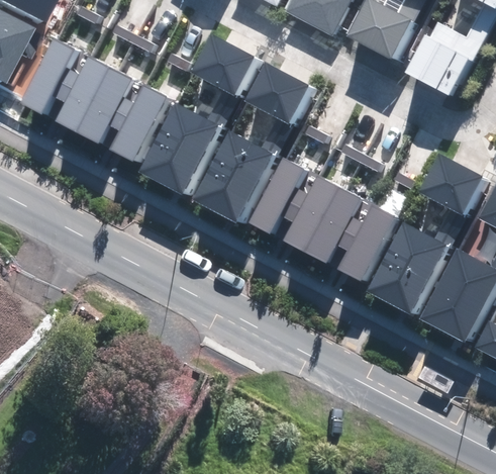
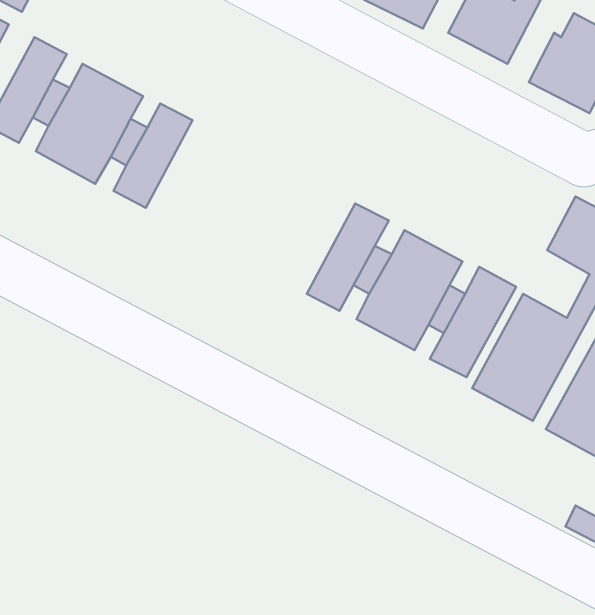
building: [191,35,255,96] -> none
building: [244,64,309,124] -> none
building: [138,104,218,194] -> none
building: [193,132,271,222] -> none

